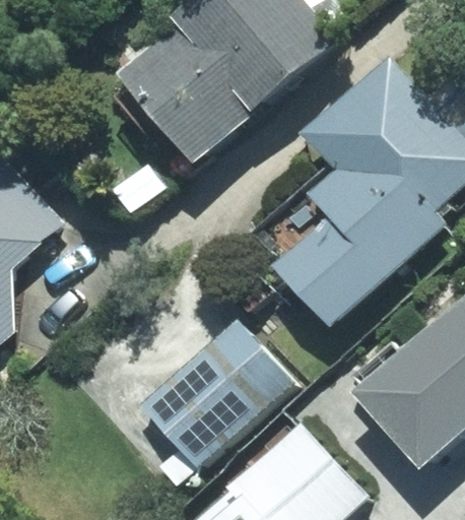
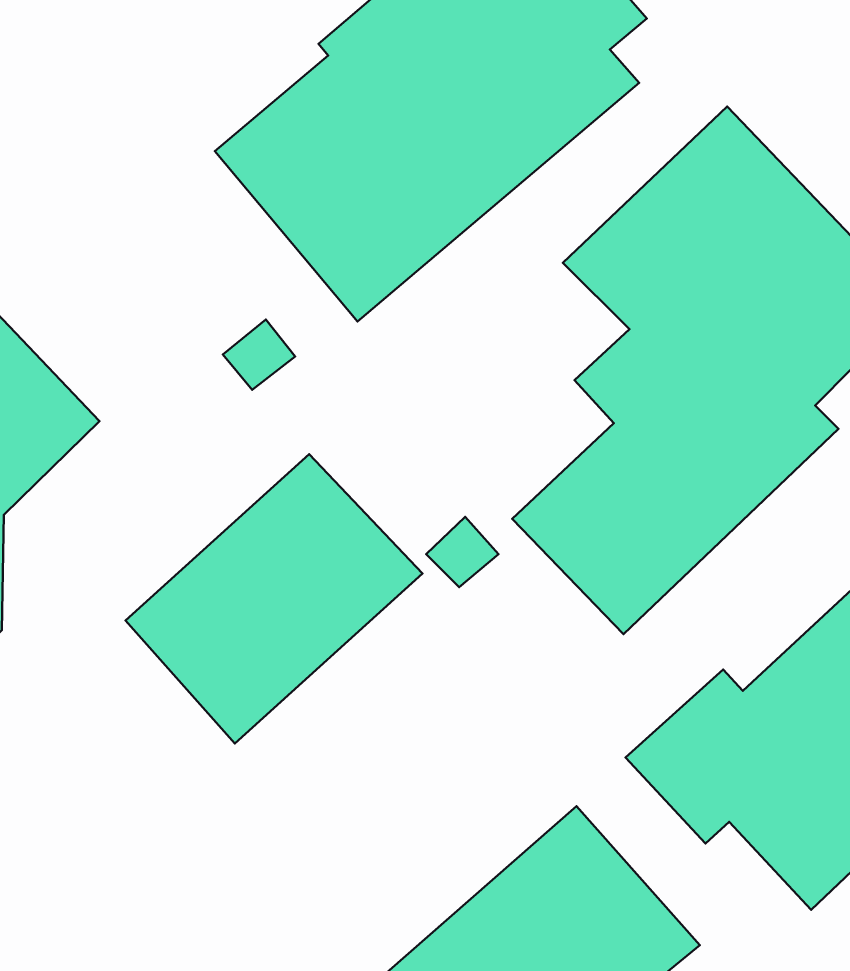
building: [138,316,292,466] -> [125,454,423,744]

